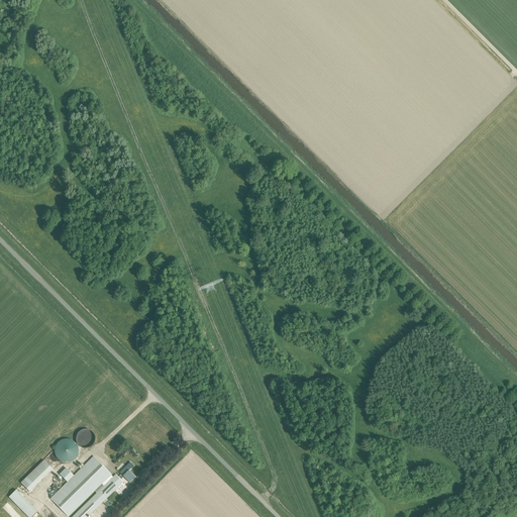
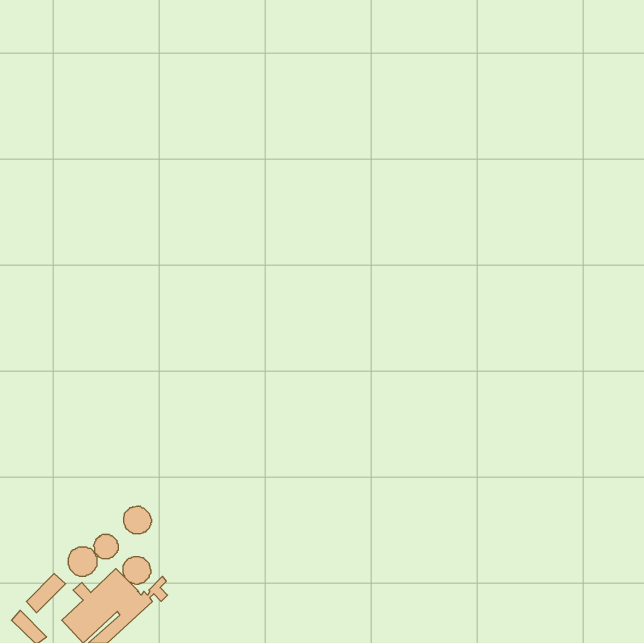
building: none -> [124,506,151,534]
building: none -> [123,557,151,584]

